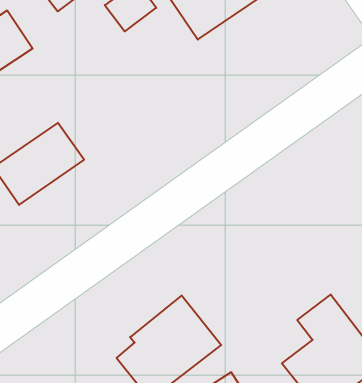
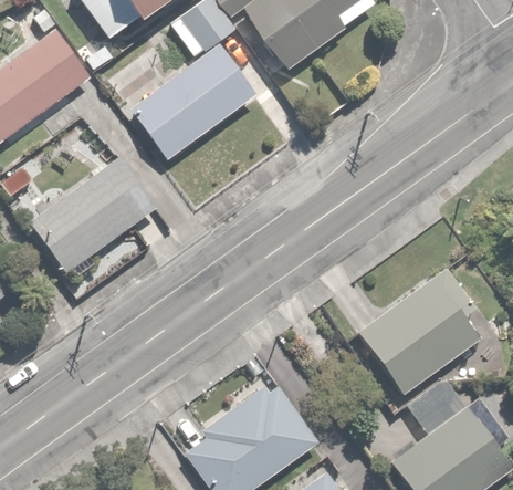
building: none -> [133,48,258,157]
building: none -> [359,269,479,394]

